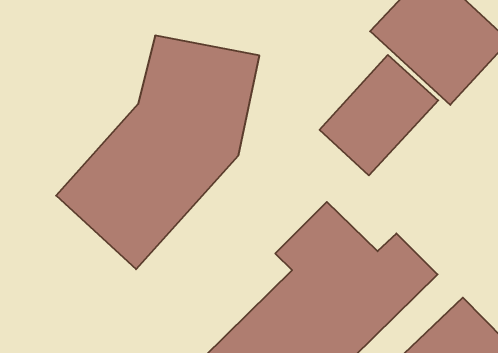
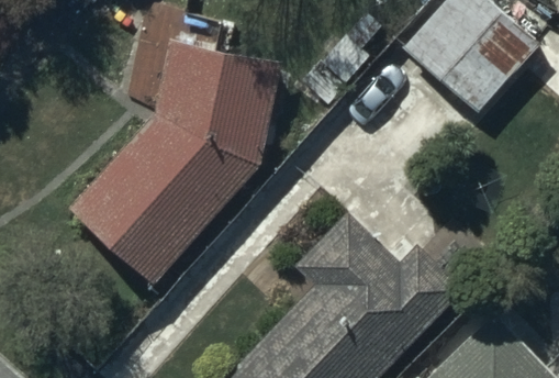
building: [320,55,438,175] -> none

